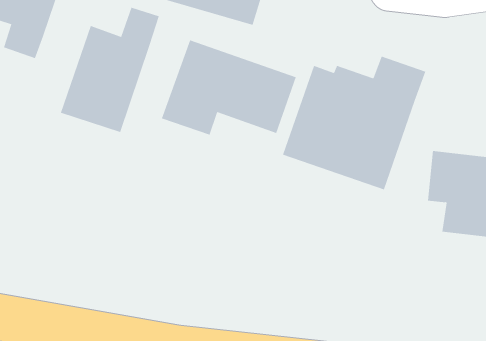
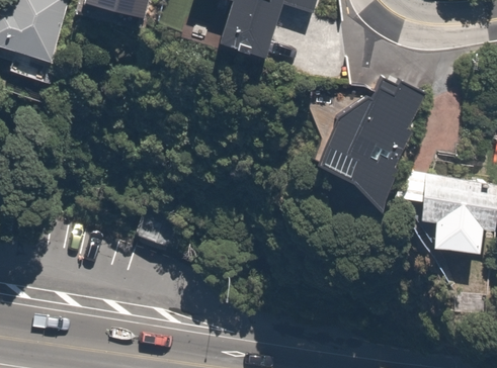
building: [60,7,160,133] -> none
building: [161,40,296,135] -> none

